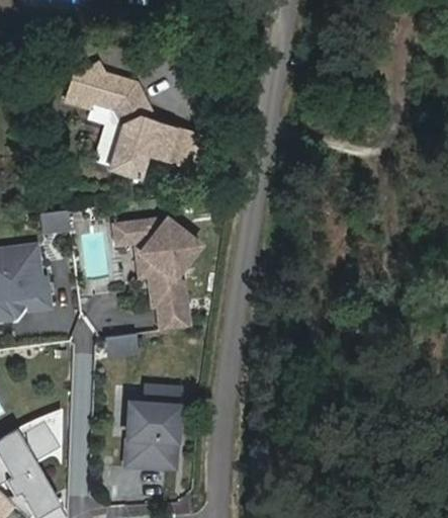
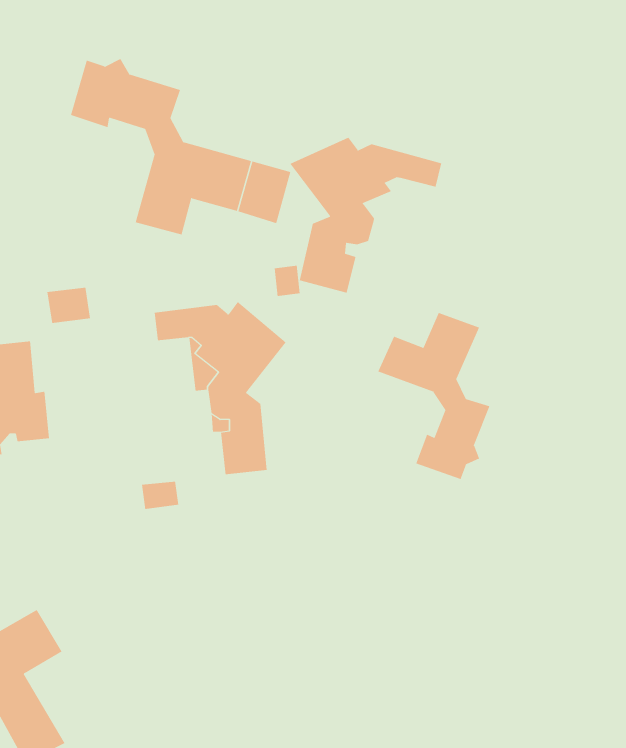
building: none -> [290,137,442,293]
building: none -> [377,312,490,480]
building: [129,387,180,466] -> none

